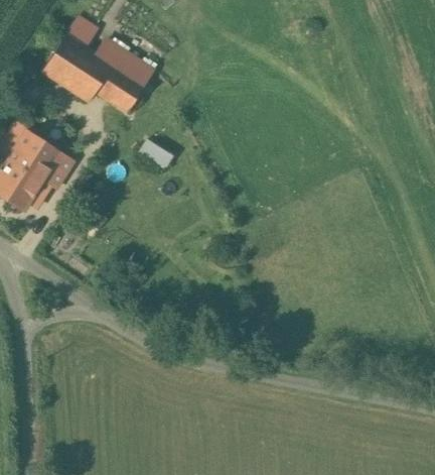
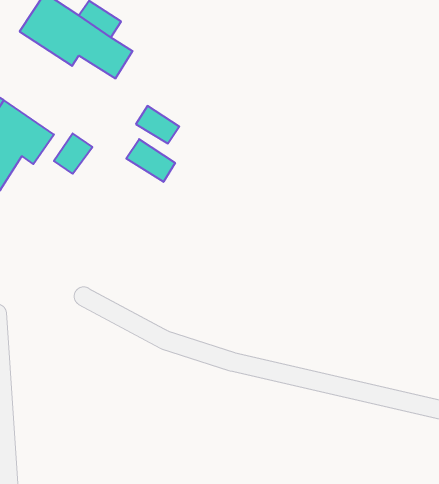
building: none -> [54,133,92,174]
building: none -> [126,139,175,182]

